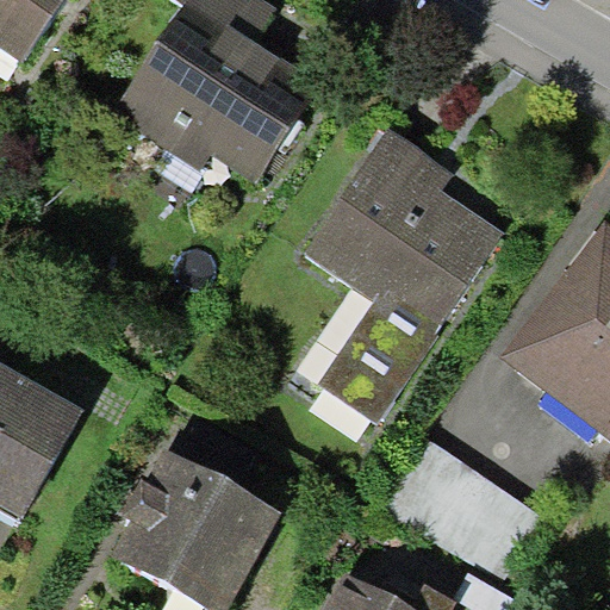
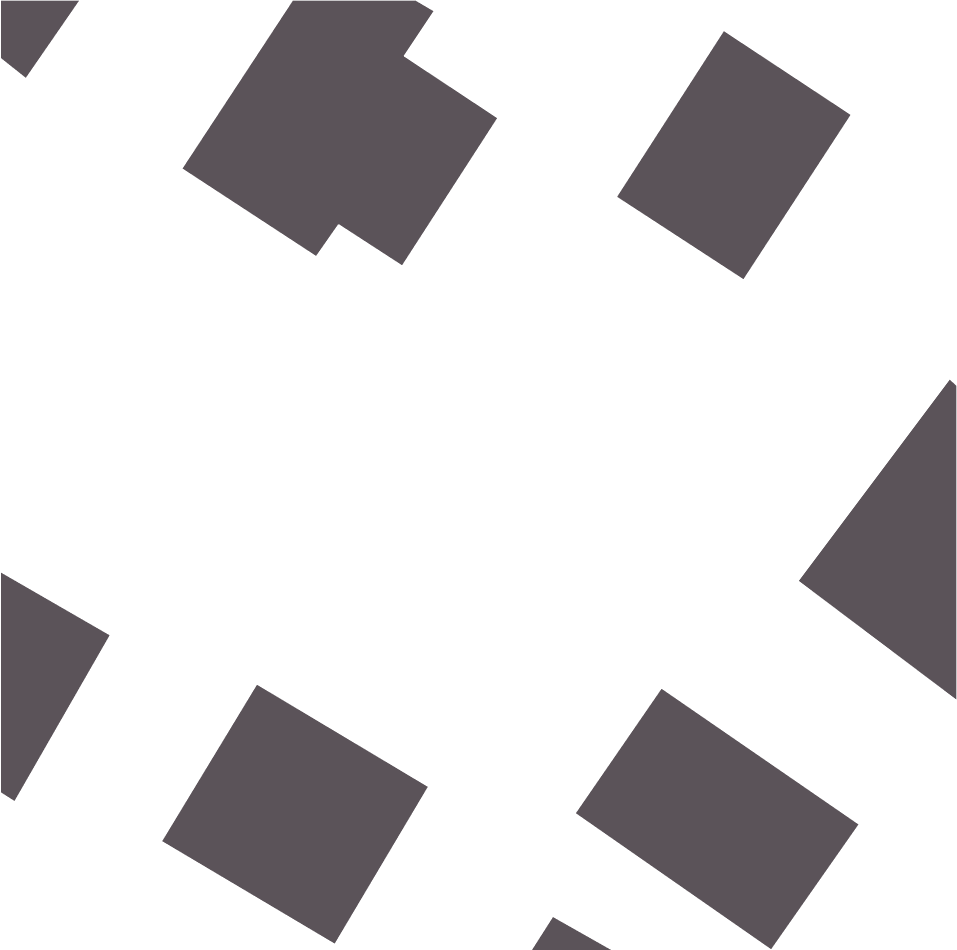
building: none -> [616,30,852,280]
building: [310,132,503,417] -> none

